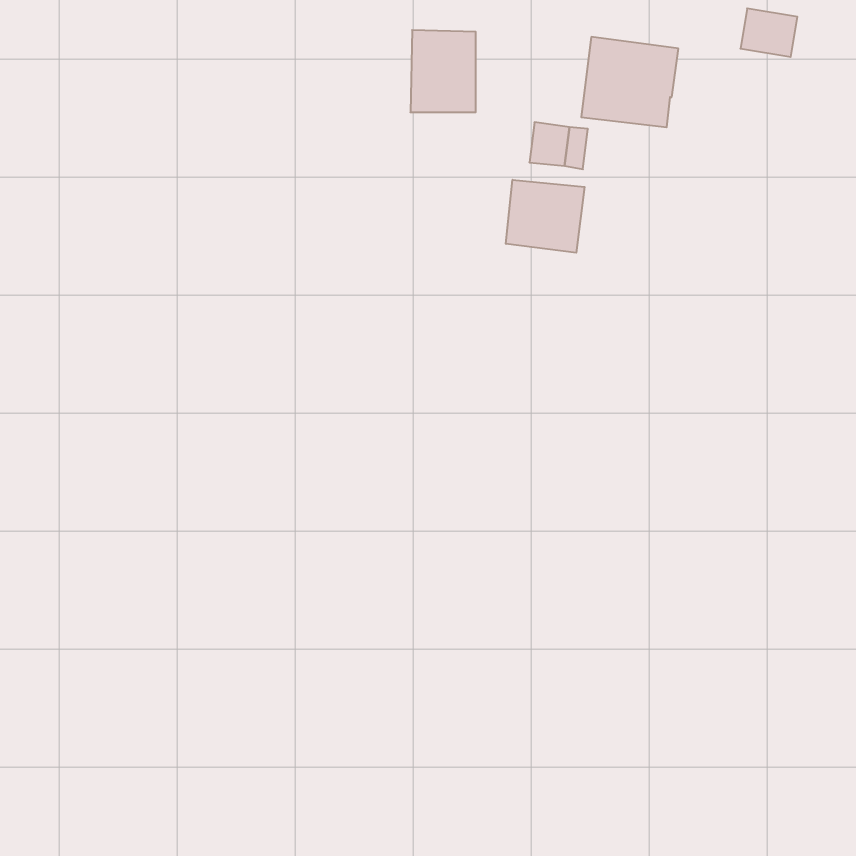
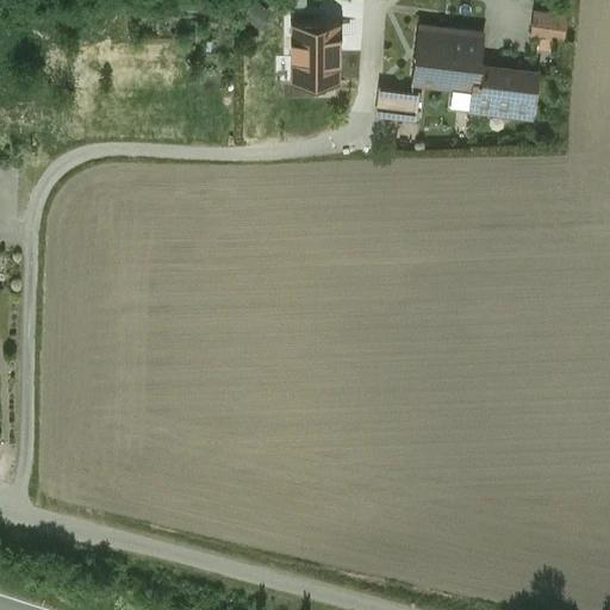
building: none -> [472,69,535,118]
building: [506,180,585,253] -> none

